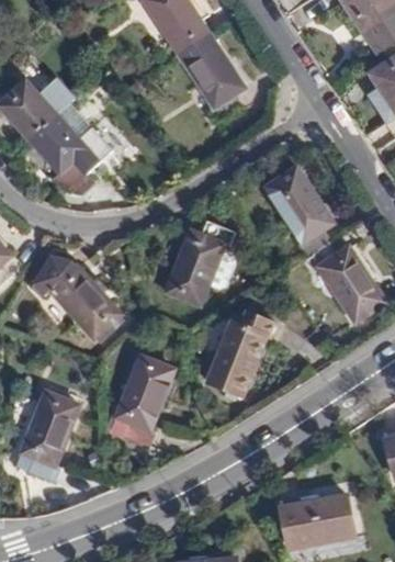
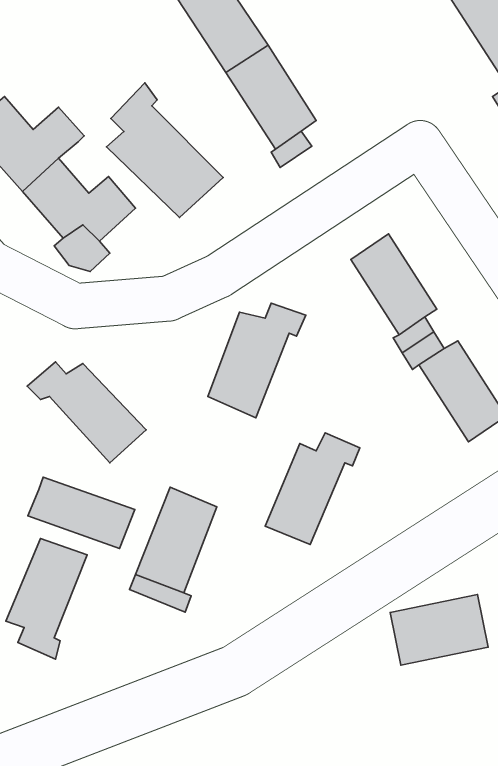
building: none -> [107,83,223,218]
building: none -> [28,477,135,548]
building: [279,494,350,546] -> [390,594,488,665]

